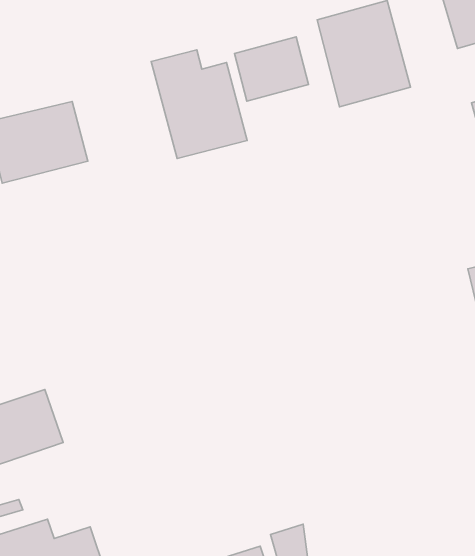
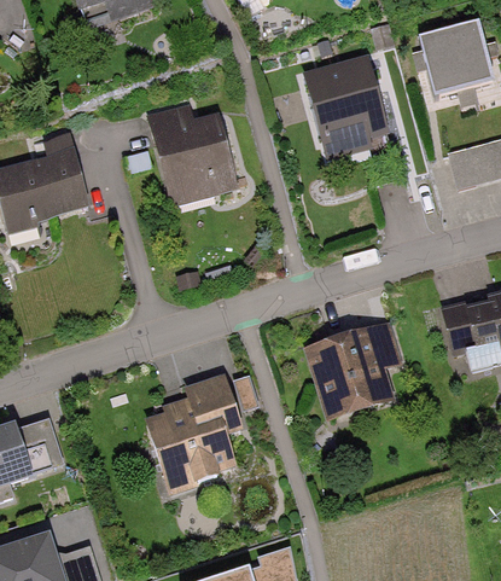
building: [234,37,309,101] -> none
building: none -> [307,320,403,416]
building: none -> [148,372,241,488]

